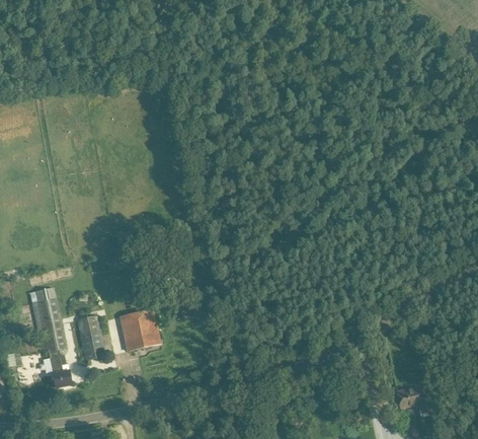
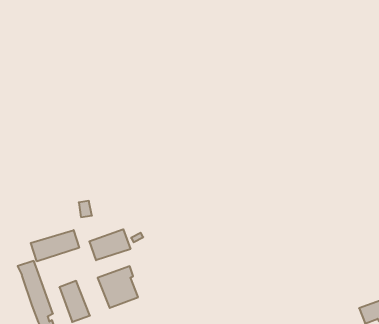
building: none -> [31,230,79,261]
building: none -> [89,229,130,260]

